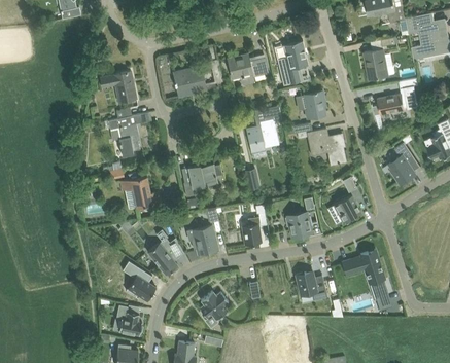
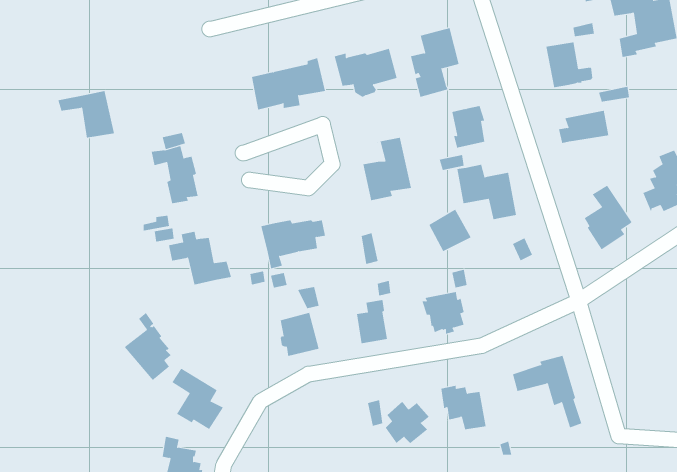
building: [99,71,136,102] -> [58,91,115,138]
building: [333,194,360,222] -> [429,209,472,252]
building: [146,229,177,274] -> [124,312,172,381]
building: [199,291,228,319] -> [385,401,429,444]

